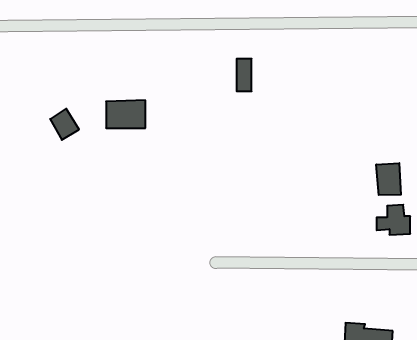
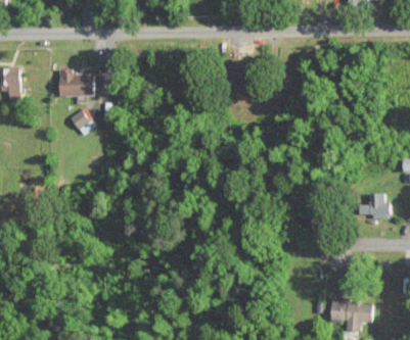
building: [106,100,145,128] -> [60,71,95,96]
building: [376,163,401,195] -> none

